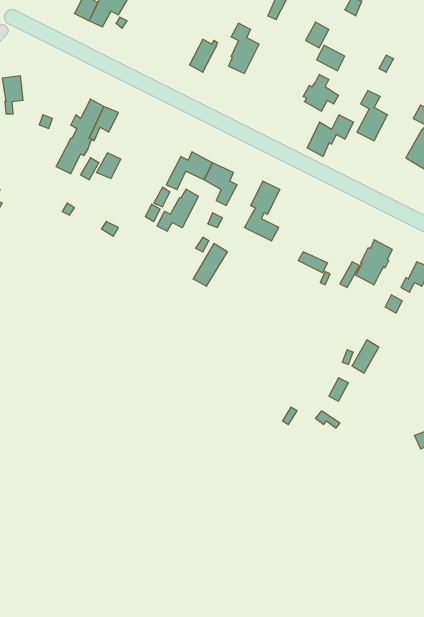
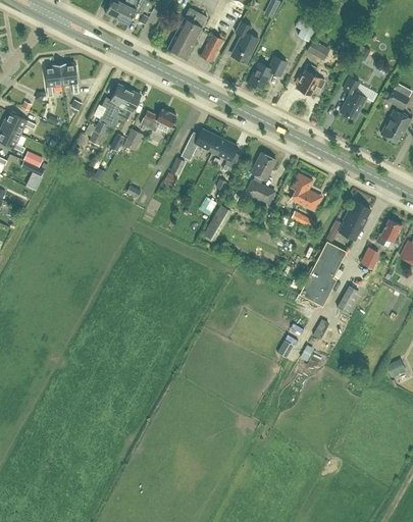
building: none -> [167,7,207,57]
building: none -> [59,62,79,93]
building: [307,115,354,156] -> [248,55,287,90]
building: none -> [140,108,176,130]
building: [157,189,198,231] -> none
building: none -> [290,172,321,210]
building: none -> [299,241,346,306]

